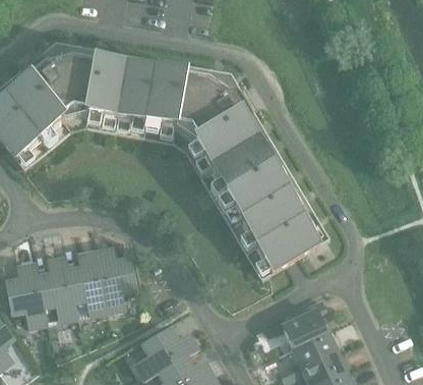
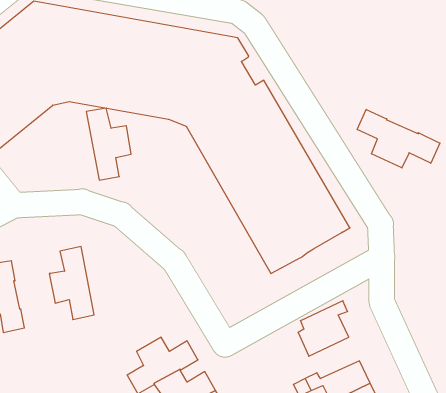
building: none -> [357,109,440,168]
building: [96,251,134,313] -> [86,108,131,180]
building: [38,260,77,322] -> none
building: [292,332,336,368] -> none

